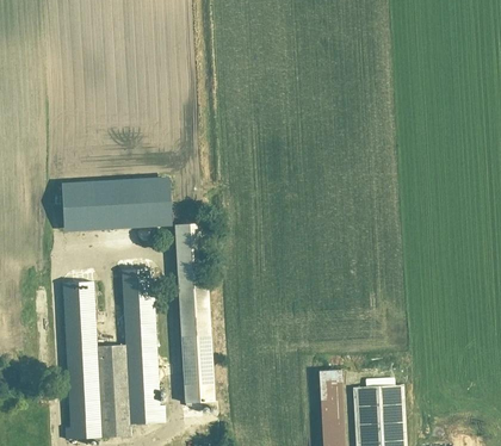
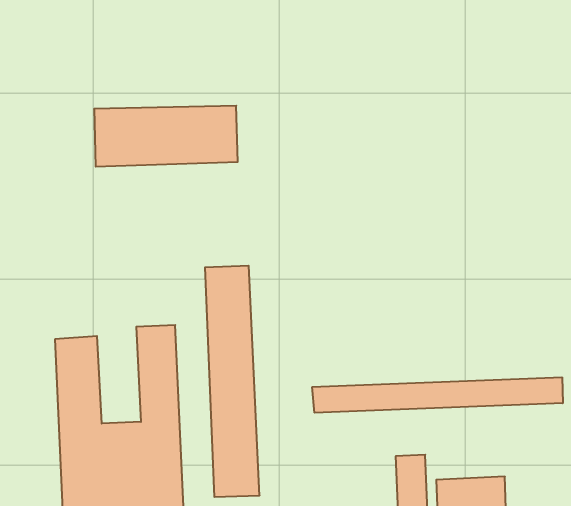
building: [56,182,166,229] -> [94,106,238,167]
building: none -> [312,377,563,413]

